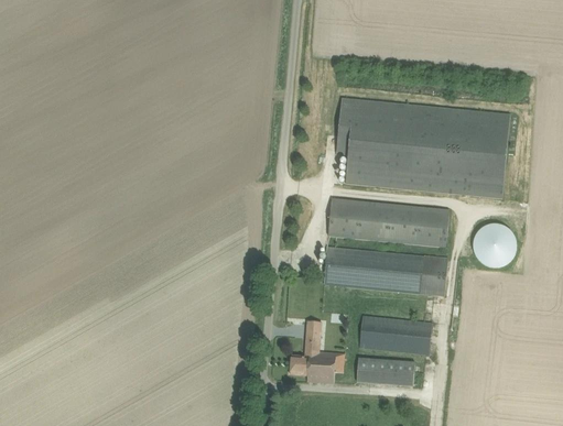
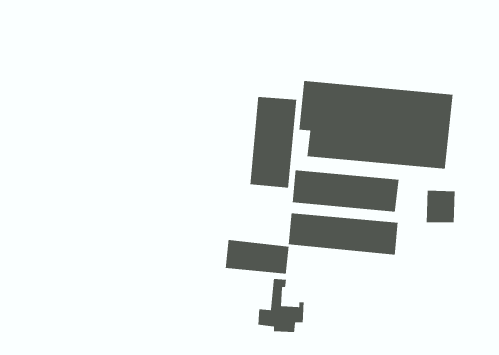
building: none -> [249,96,297,189]
building: [359,315,432,354] -> [225,239,289,274]
building: [356,357,413,383] -> none

